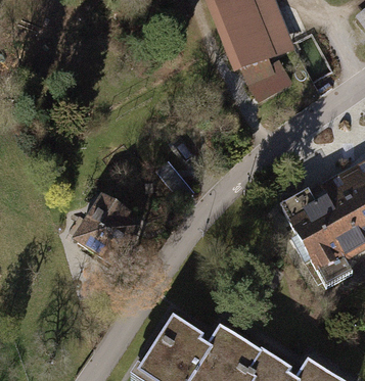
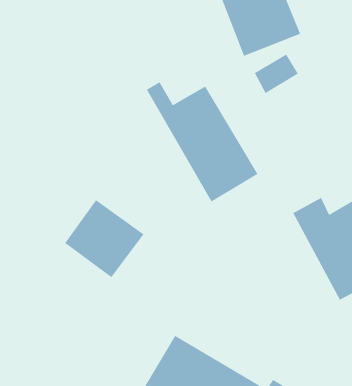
building: none -> [146,81,259,202]

